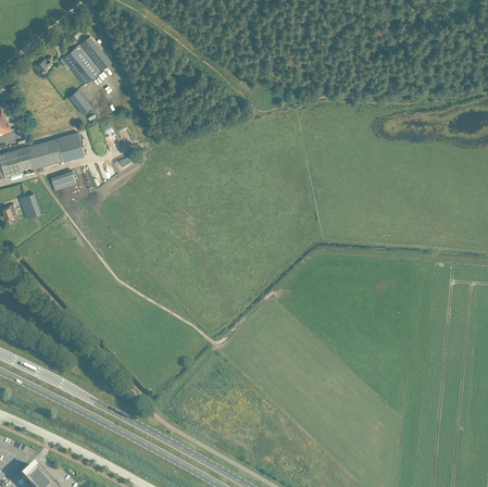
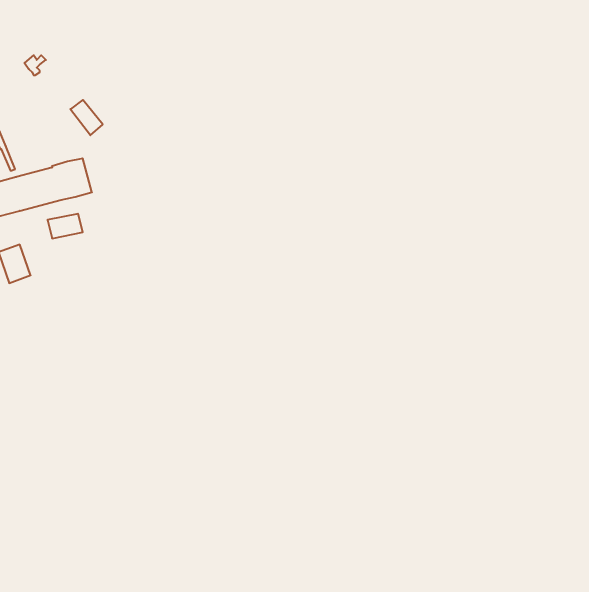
building: [60,35,112,83] -> none

